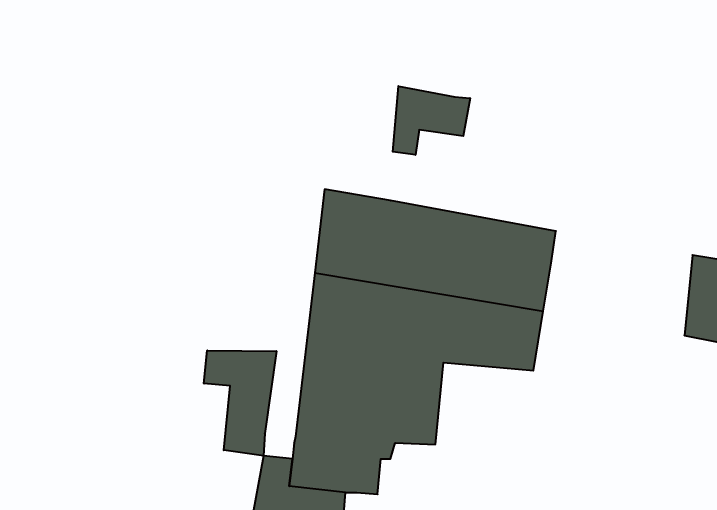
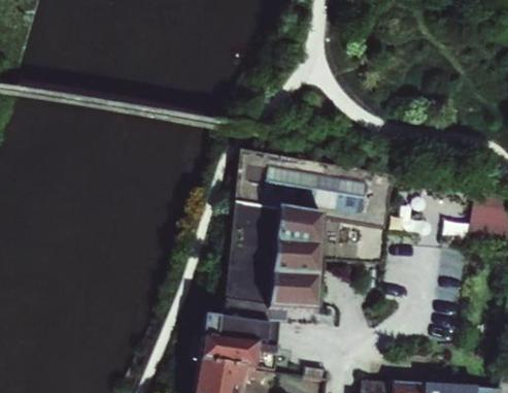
building: [393,86,470,155] -> none
building: [204,350,276,456] -> none

